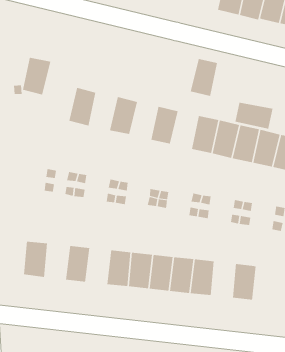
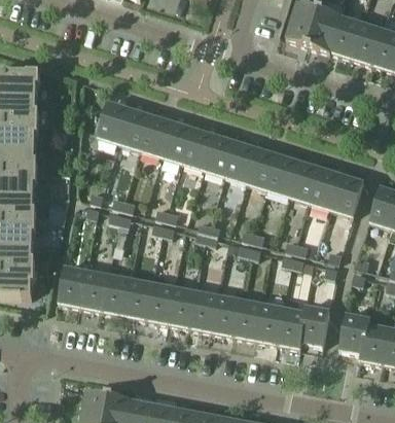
building: [22,57,51,95] -> [98,102,131,143]
building: [190,59,218,97] -> [225,142,257,183]
building: none -> [141,115,173,156]
building: [235,102,273,130] -> none
building: none -> [183,129,215,170]
building: none -> [81,271,110,311]
building: none -> [124,279,153,319]
building: none -> [299,306,330,348]
building: none -> [256,304,284,344]

